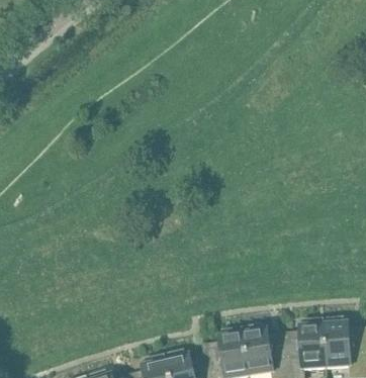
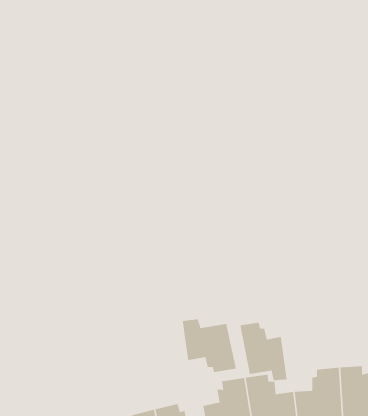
building: none -> [182,319,236,373]
building: none -> [240,322,287,381]

